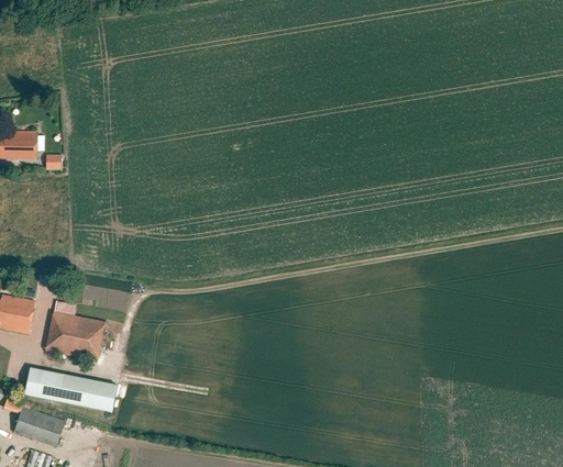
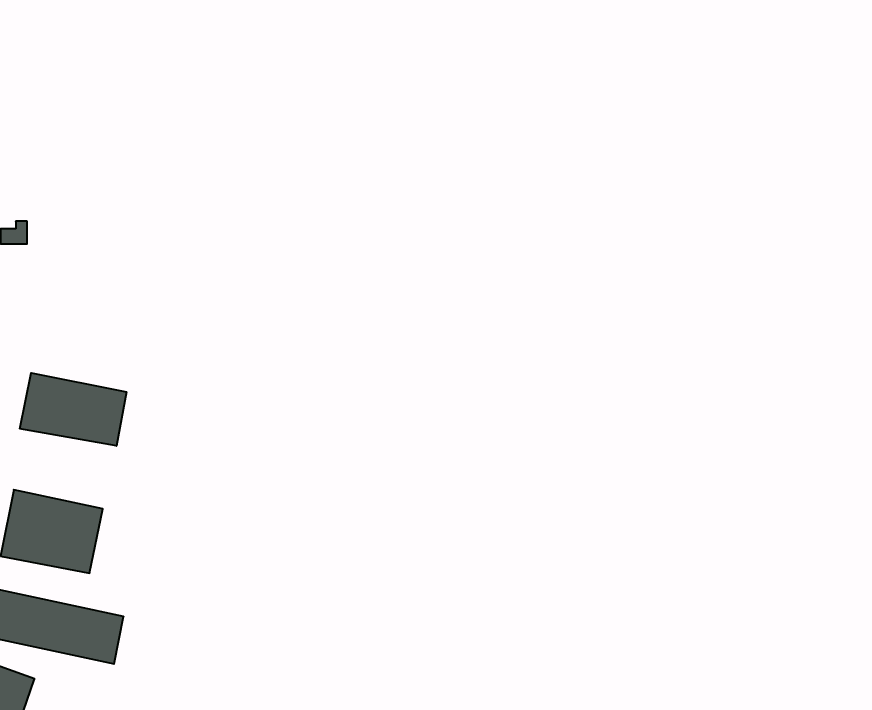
building: none -> [20,373,126,446]

